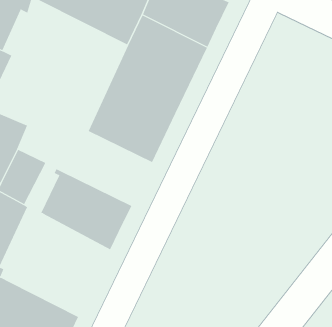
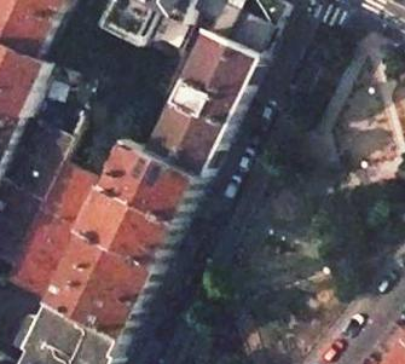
building: none -> [99,141,197,225]
building: none -> [45,233,152,343]

